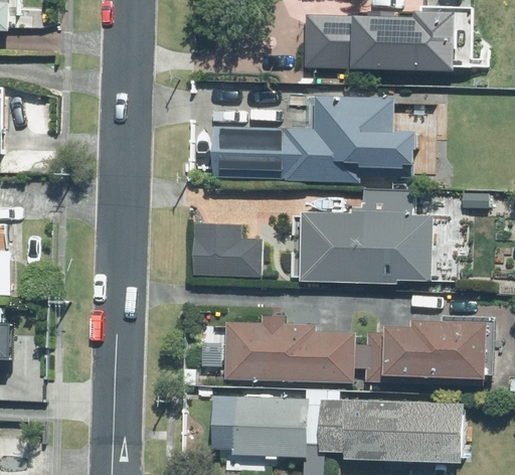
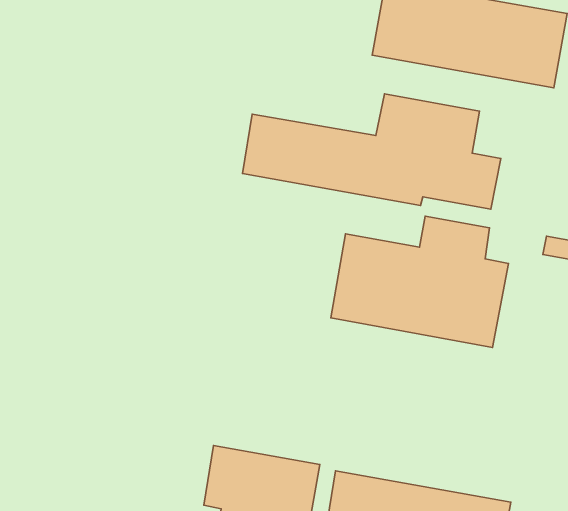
building: [193,223,261,277] -> none
building: [223,314,355,382] -> none
building: [365,320,488,384] -> none

